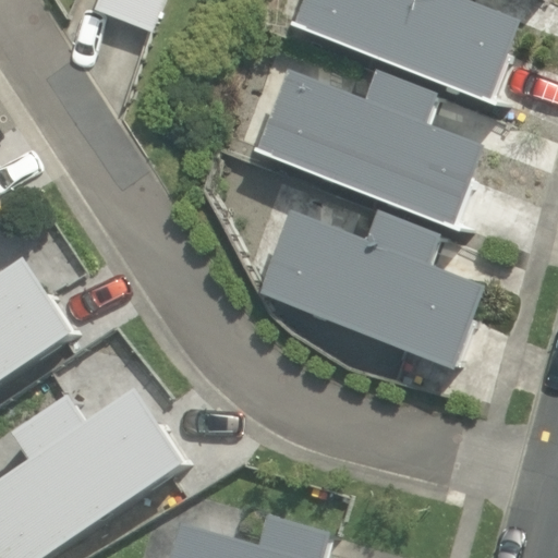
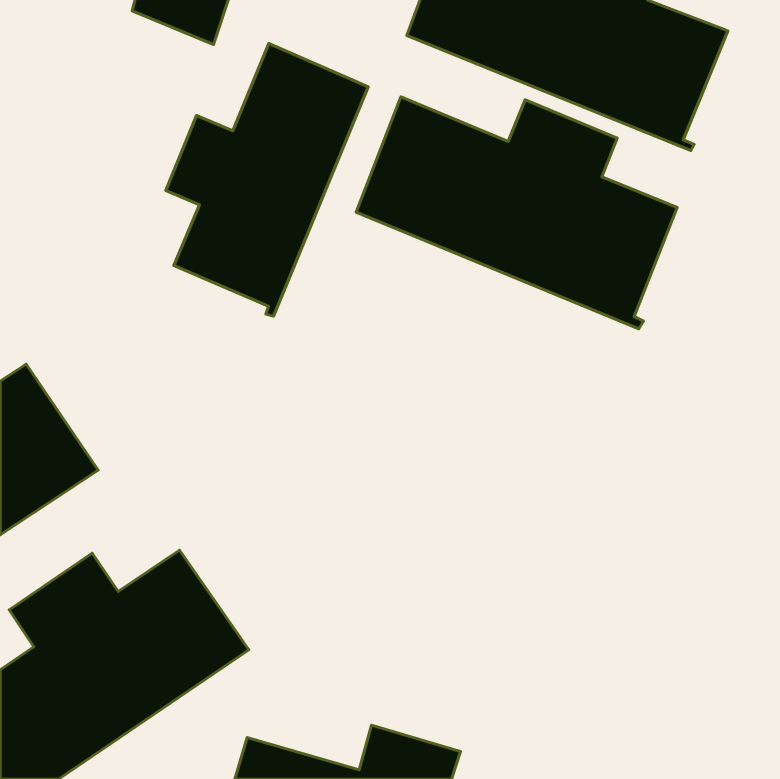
building: none -> [166,43,368,316]
building: [259,210,484,369] -> none

